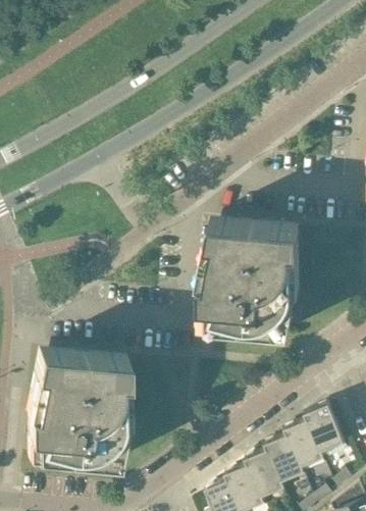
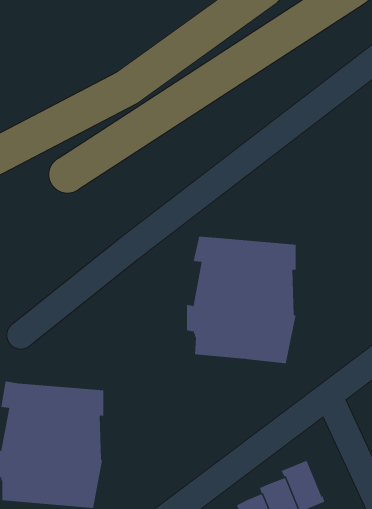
building: [304,405,346,459] -> none

